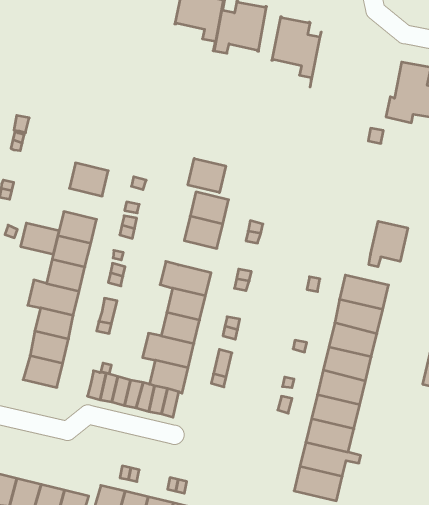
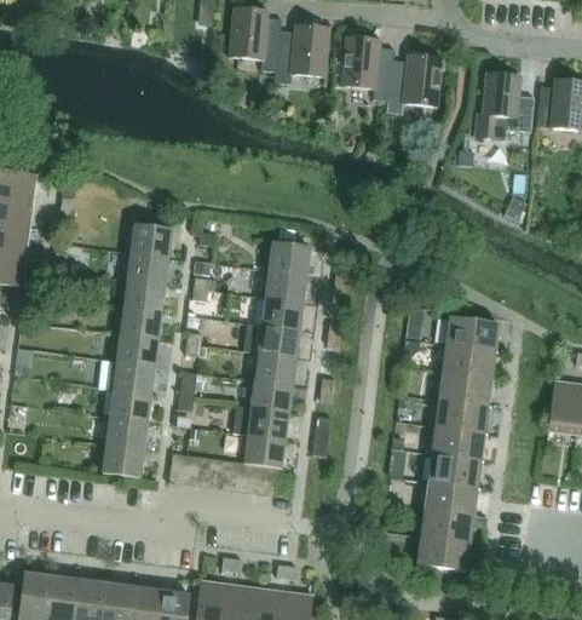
building: none -> [387,48,442,114]
building: [188,158,226,193] -> none
building: [369,221,408,267] -> none
building: [21,223,59,254] -> [127,253,168,285]
building: none -> [261,298,302,331]

